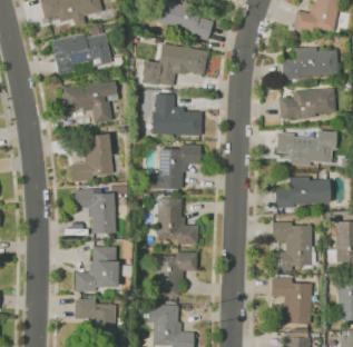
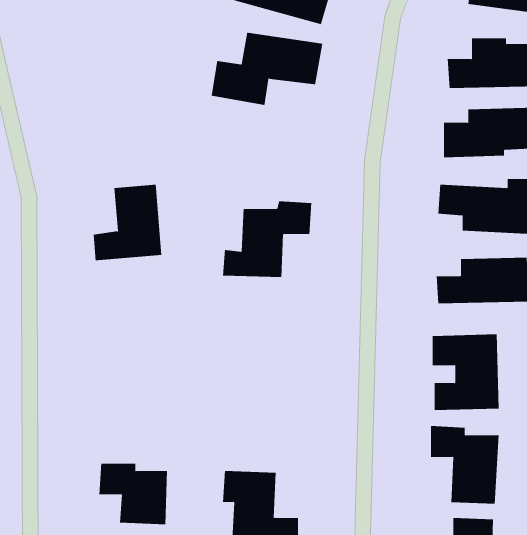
building: [51,33,111,75] -> none
building: [61,79,117,122] -> none
building: [154,93,202,135] -> none
building: [75,188,116,234] -> none
building: [158,198,198,241] -> none
building: [75,246,117,291] -> none
building: [156,251,197,296] -> none

